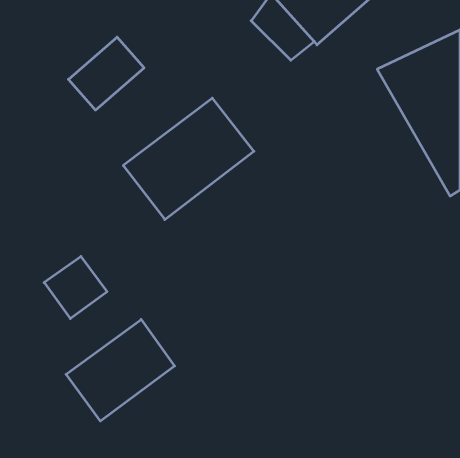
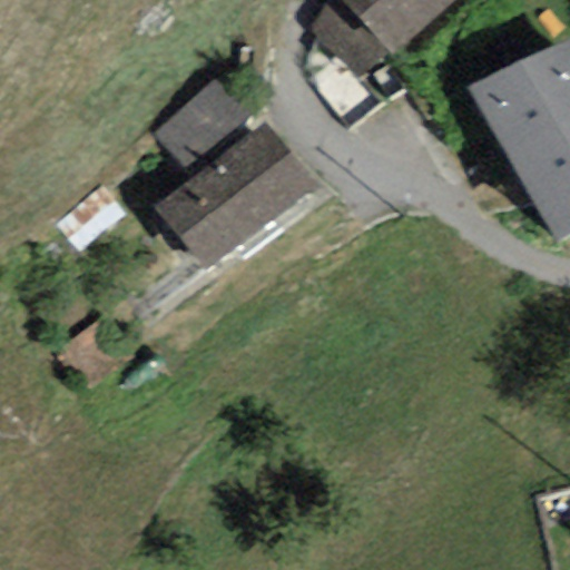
building: [68,37,144,110] -> [155,79,248,169]
building: [66,319,175,421] -> none

